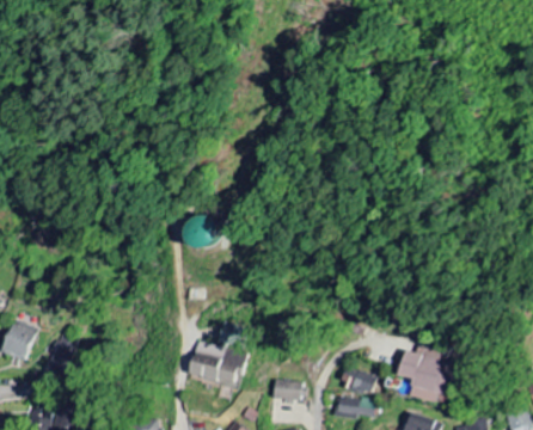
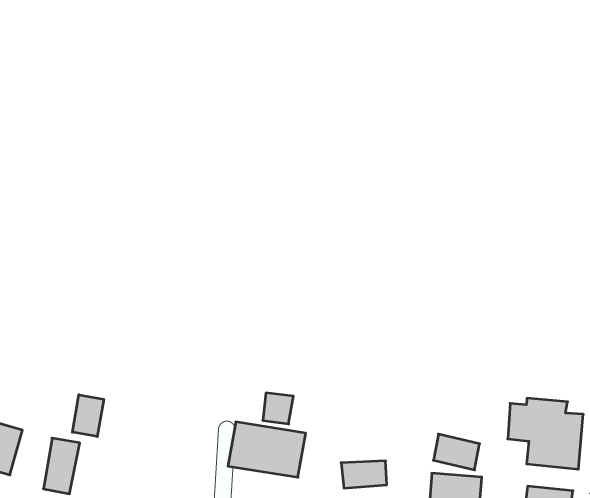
building: none -> [72,395,104,437]

